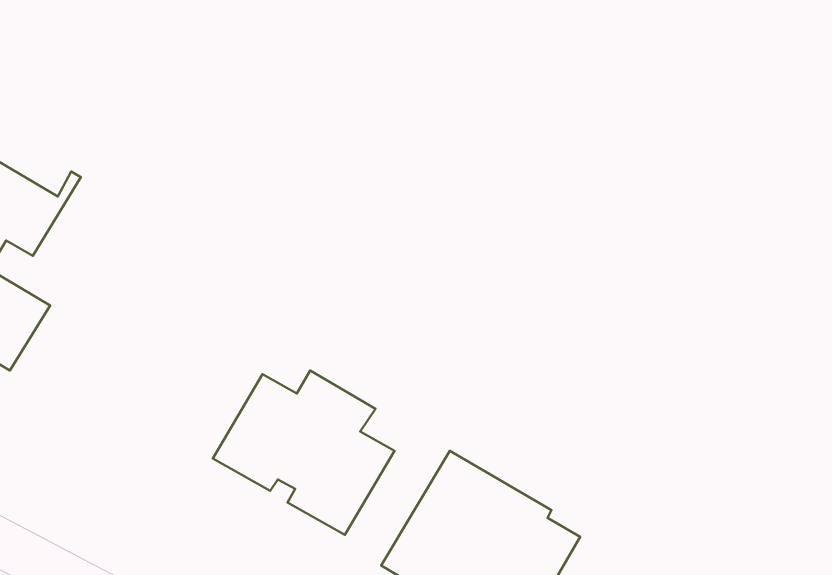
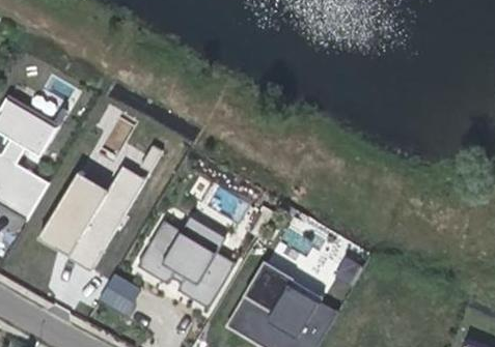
building: none -> [37,166,143,270]
building: none -> [104,273,143,311]

